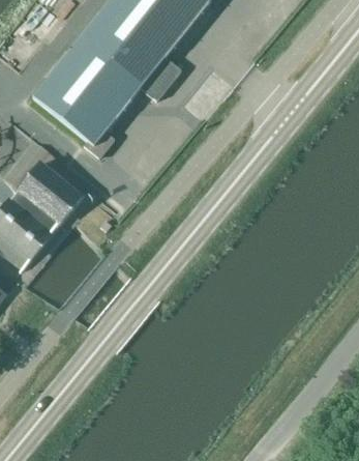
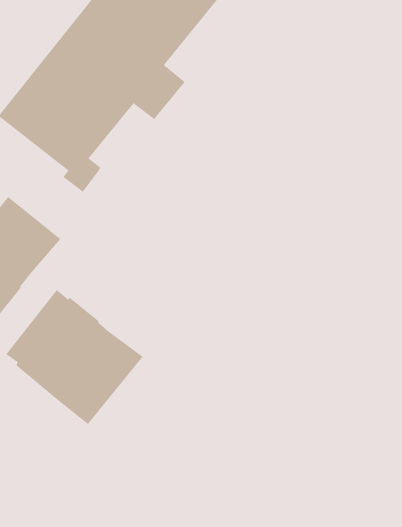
building: none -> [5,289,143,425]

